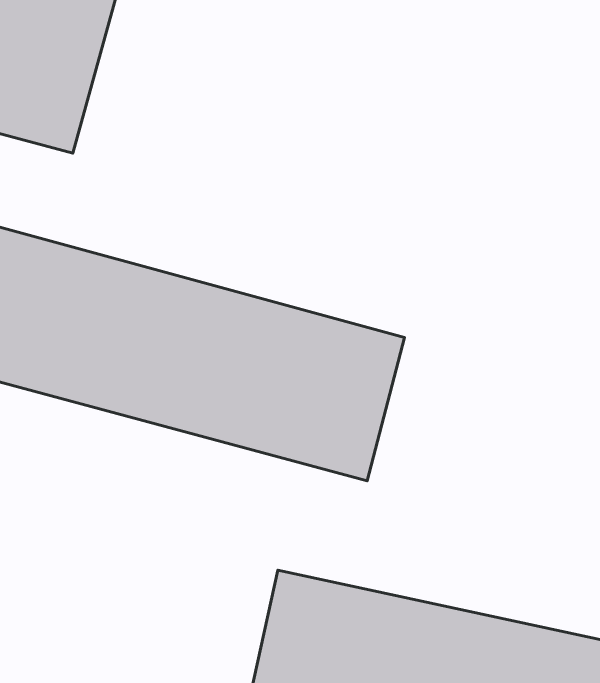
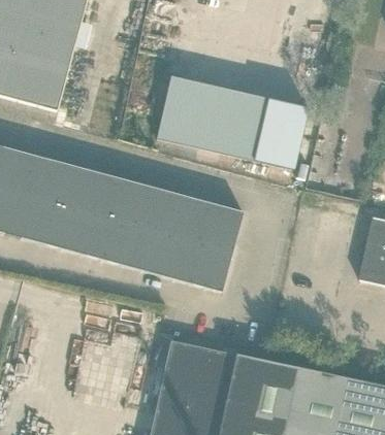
building: none -> [159,77,311,168]

